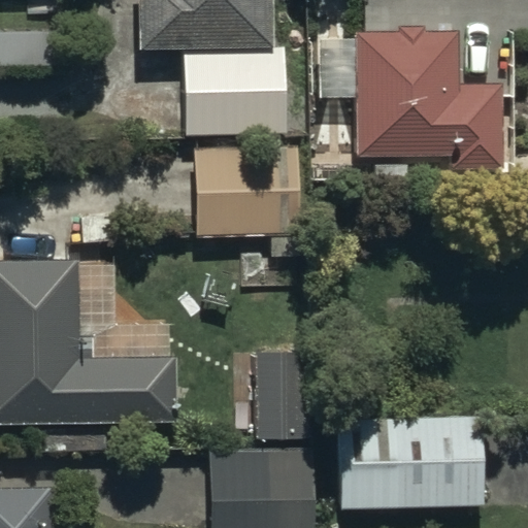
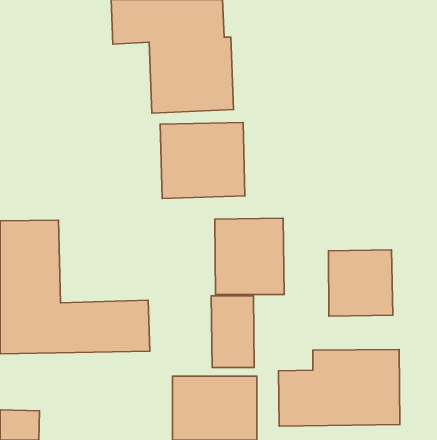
building: [355,30,502,169] -> none
building: none -> [215,218,284,294]
building: none -> [328,250,393,316]

